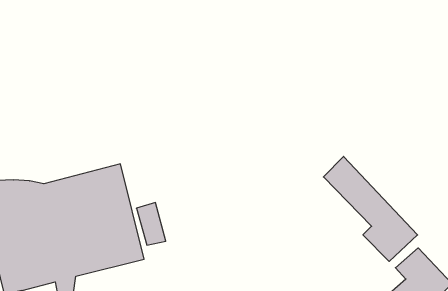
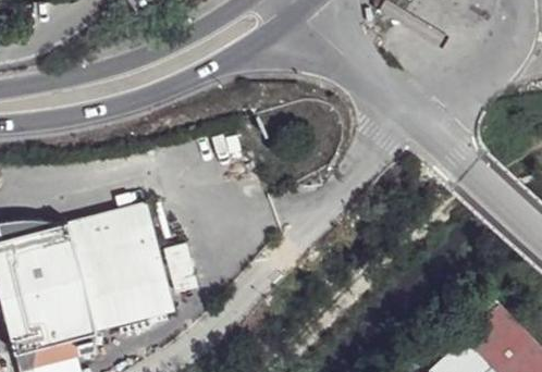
building: [323,156,418,261] -> none

